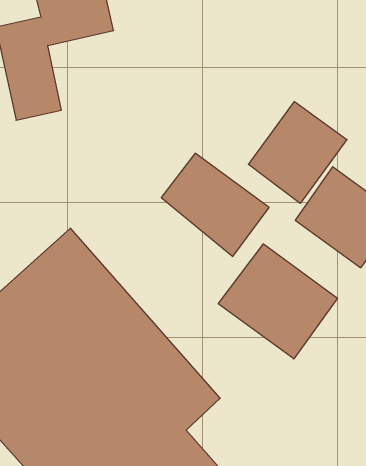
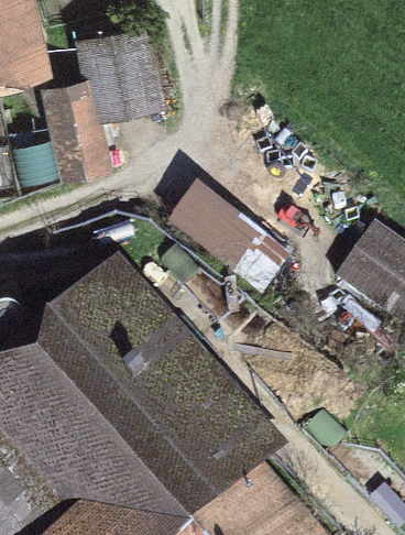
building: [248,102,347,203] -> none
building: [218,244,337,359] -> none

